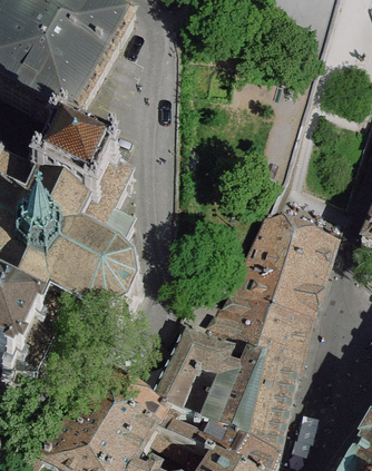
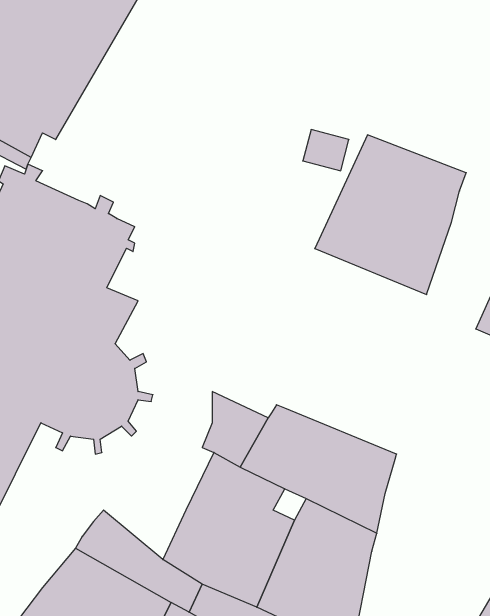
building: [59,107,107,153] -> none
building: [233,216,335,324] -> [315,135,466,295]

